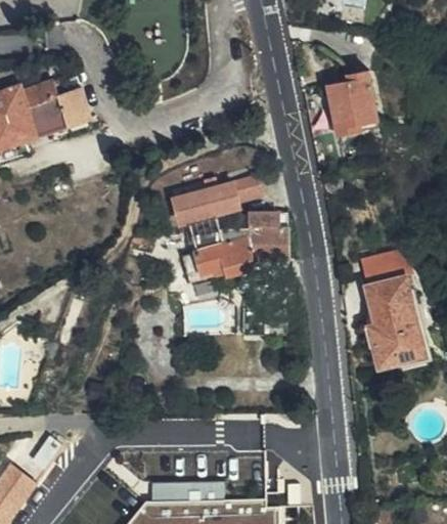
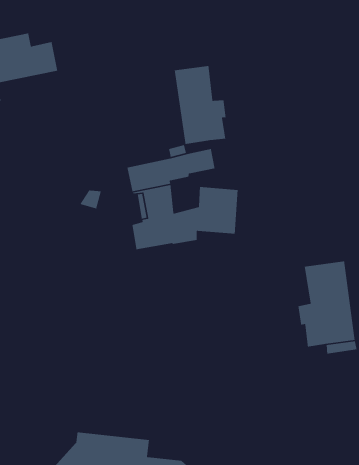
building: [325,73,374,136] -> none
building: none -> [174,65,226,145]
building: [355,248,410,288] -> none

